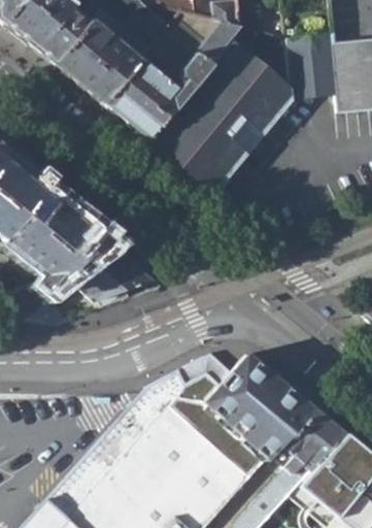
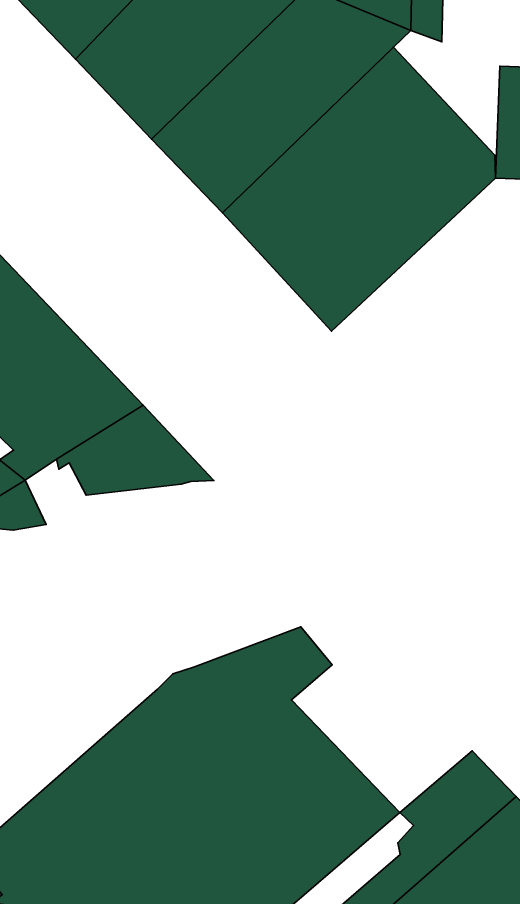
building: [218,356,319,448] -> none

